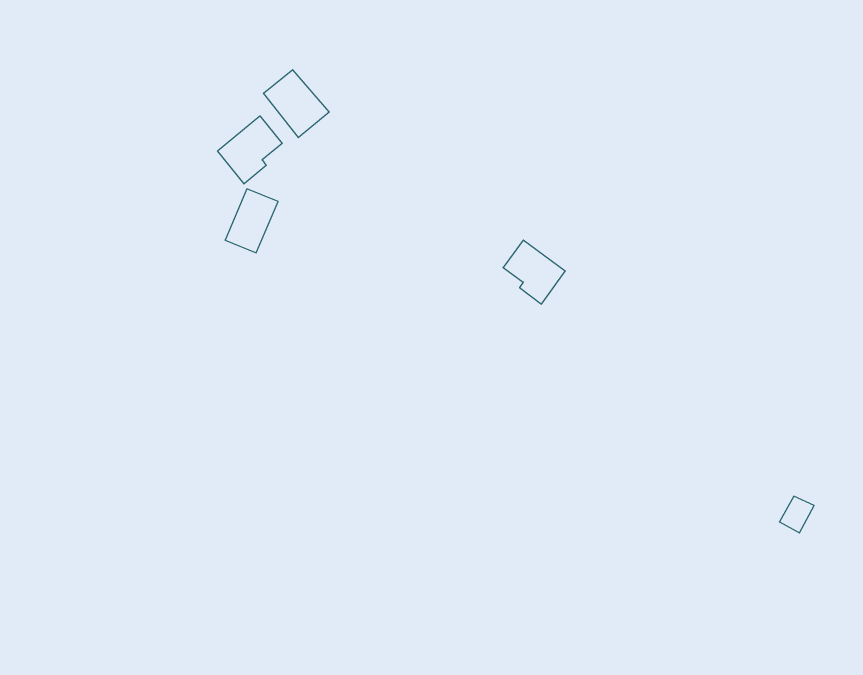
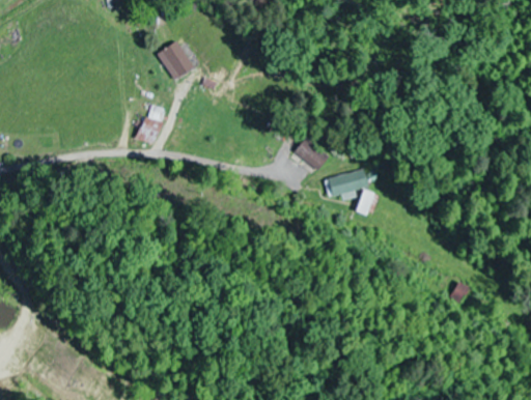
building: [218,116,282,184] -> none
building: none -> [325,170,371,212]

